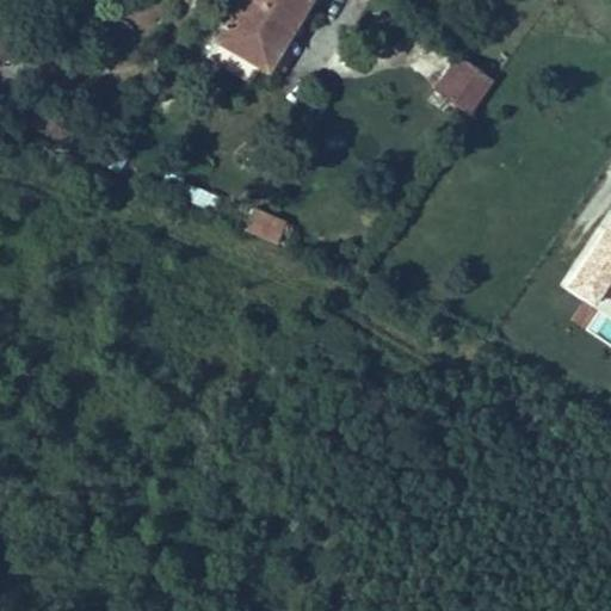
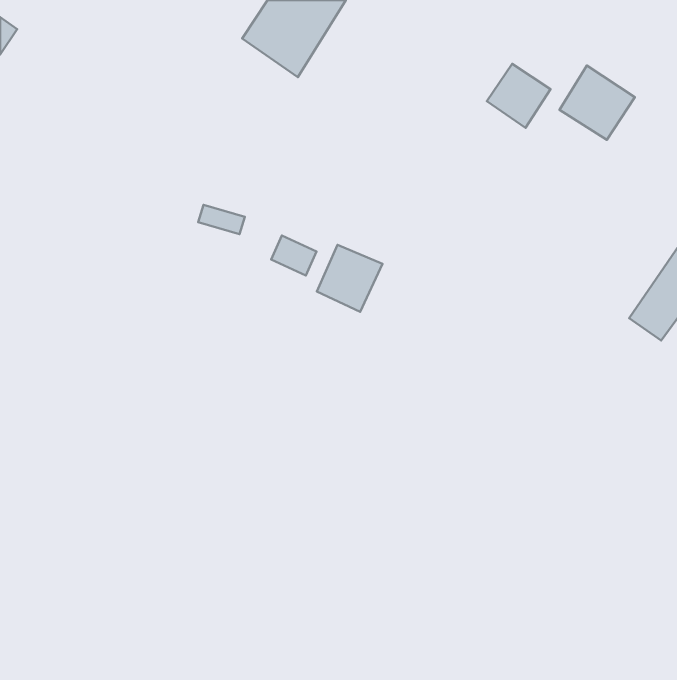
building: none -> [559,66,635,140]
building: none -> [317,245,382,312]

